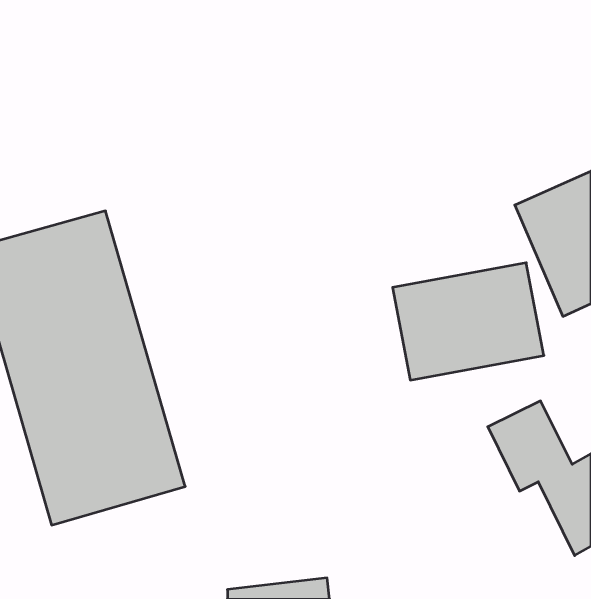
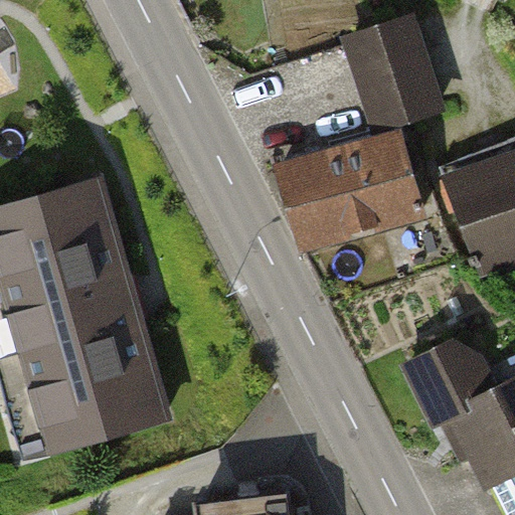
building: none -> [356,21,445,124]
building: [393,263,544,380] -> [293,141,422,241]

